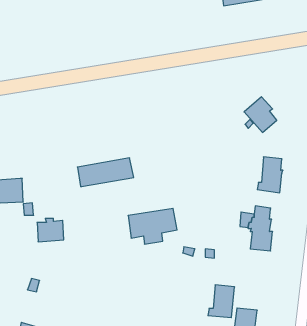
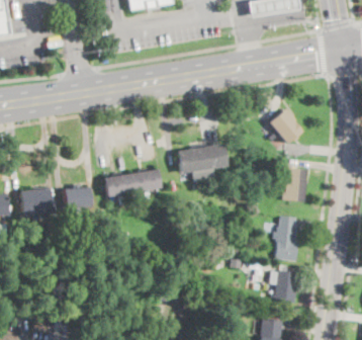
building: [128,208,177,244] -> [178,144,227,179]
building: [37,218,64,242] -> [65,184,91,207]
building: [208,285,235,318] -> [271,270,297,303]

